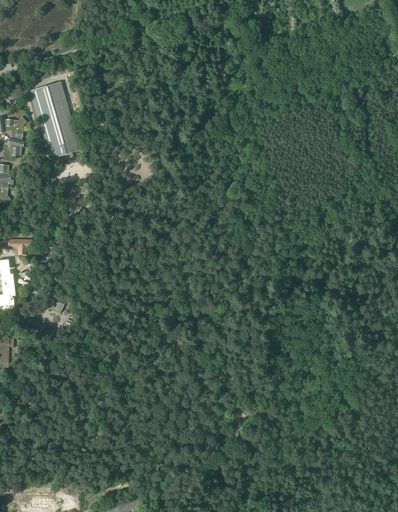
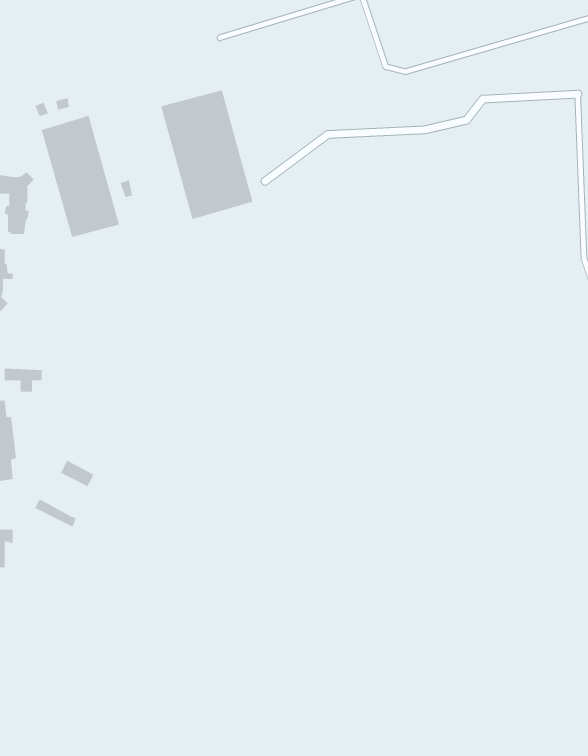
building: none -> [160,90,253,220]

